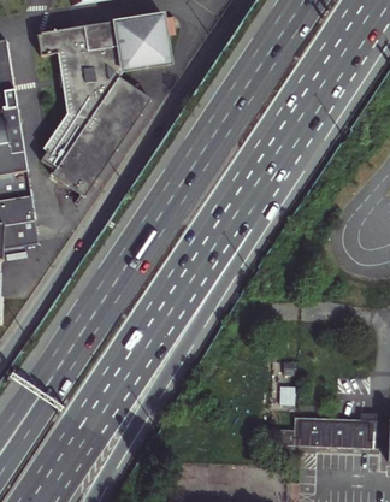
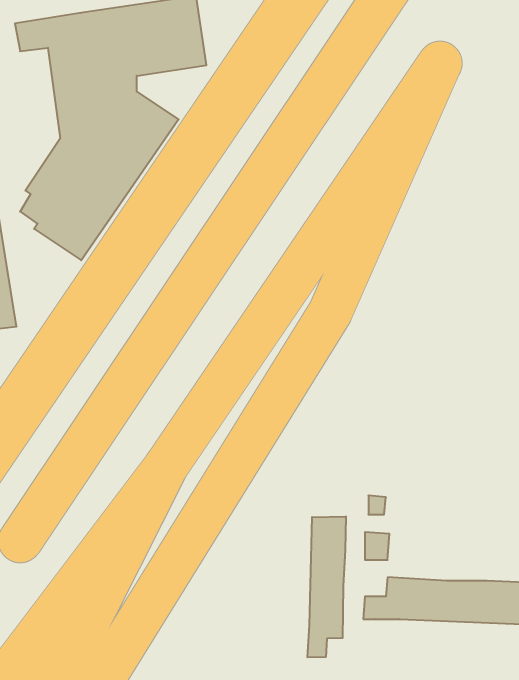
building: none -> [307,516,346,657]

